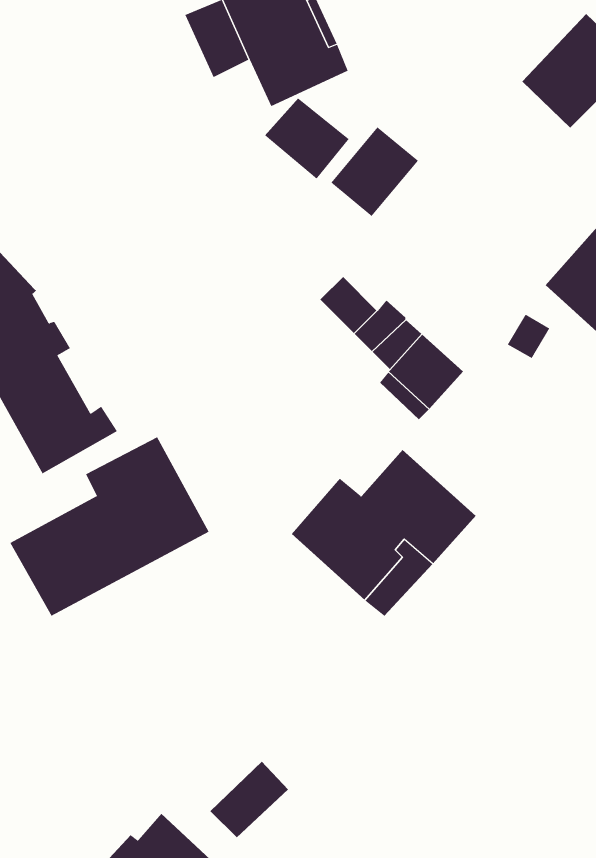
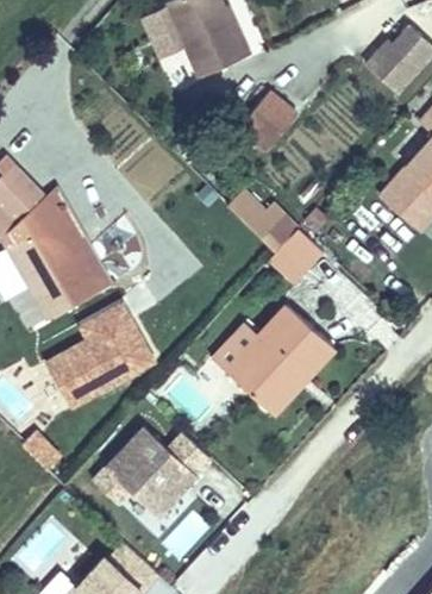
building: [264,97,349,180] -> none
building: none -> [42,185,113,292]
building: none -> [93,426,211,515]

